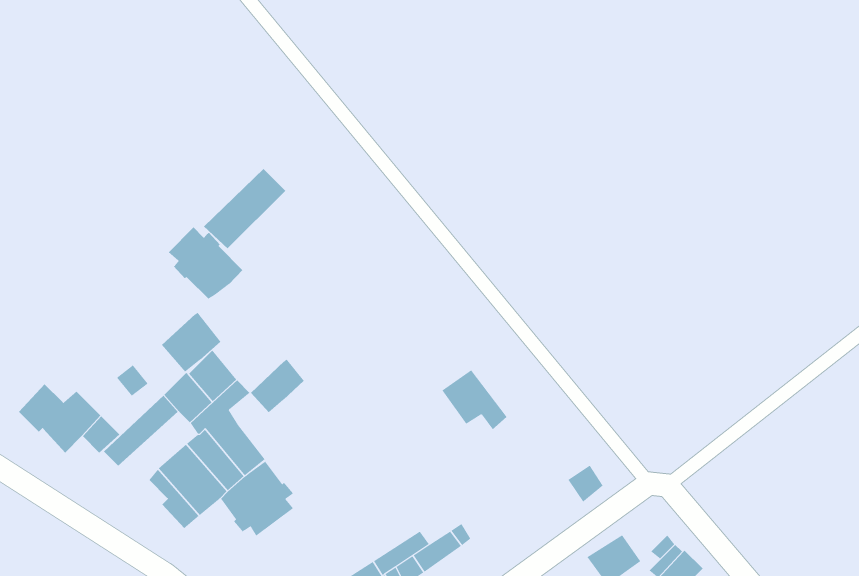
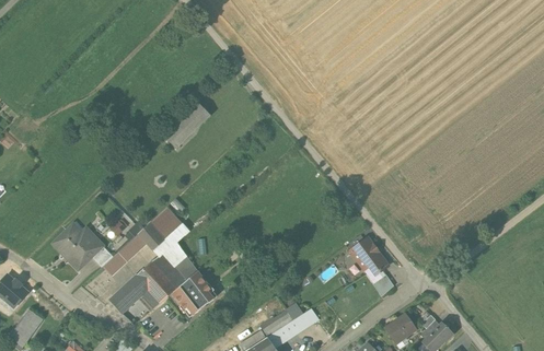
building: [168,227,243,300] -> none
building: [161,312,221,372] -> none
building: [250,359,304,413] -> none
building: [441,370,507,430] -> [349,237,387,272]
building: none -> [109,282,140,312]

